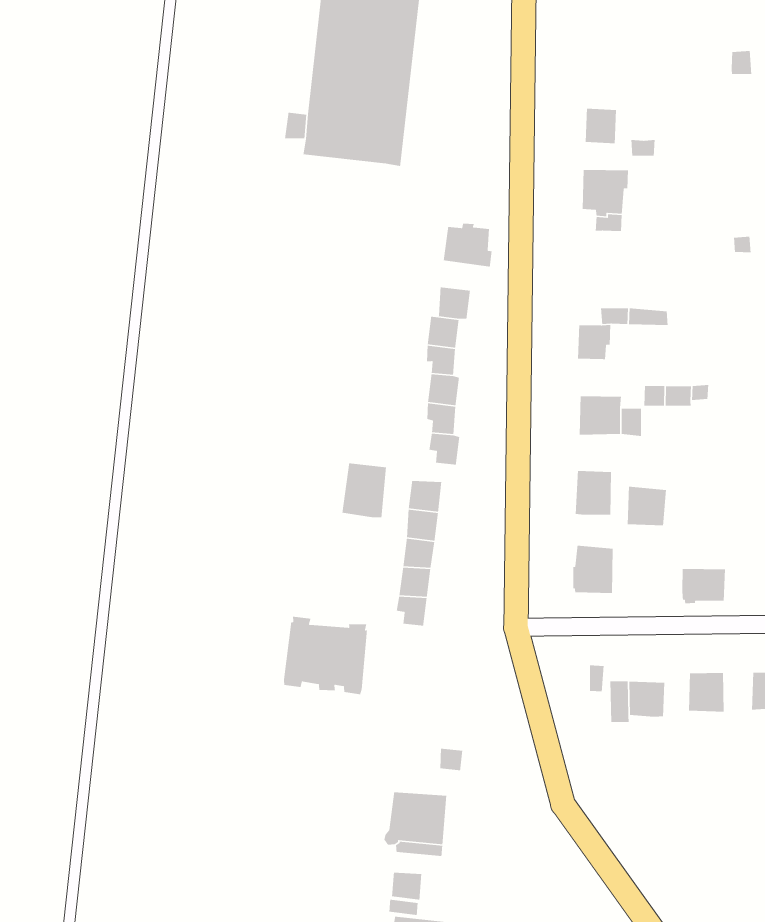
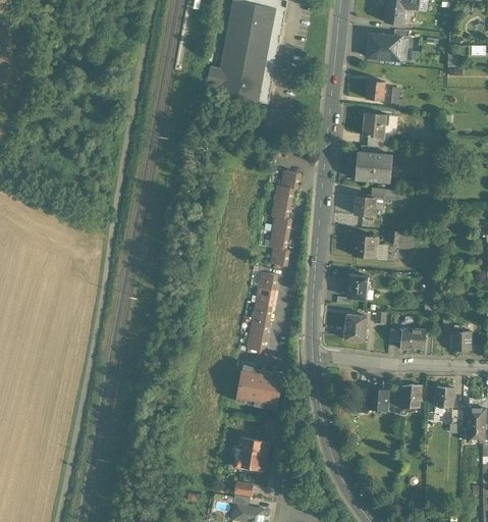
building: none -> [367,35,408,62]
building: [443,223,493,268] -> none
building: none -> [358,152,388,182]
building: [341,463,387,518] -> none
building: [627,486,667,526] -> none
building: [283,616,368,695] -> [235,364,282,409]

